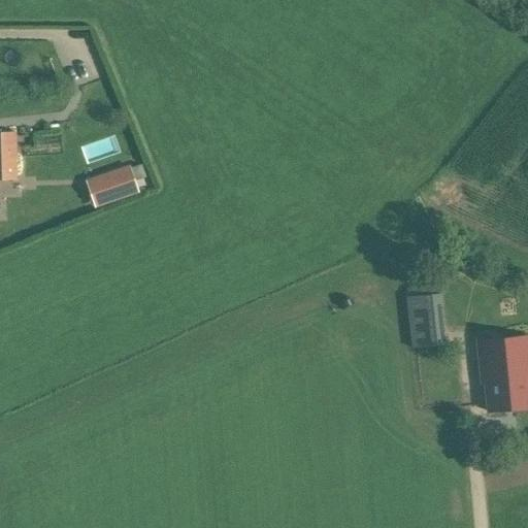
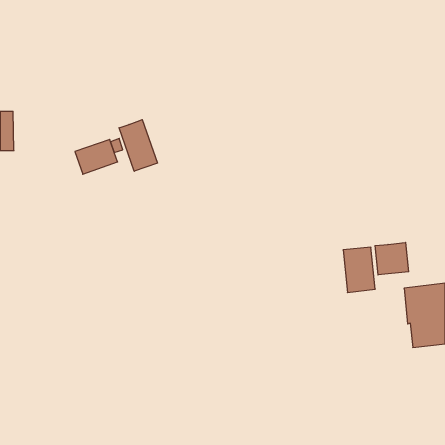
building: none -> [119,120,158,171]
building: none -> [375,242,409,275]

